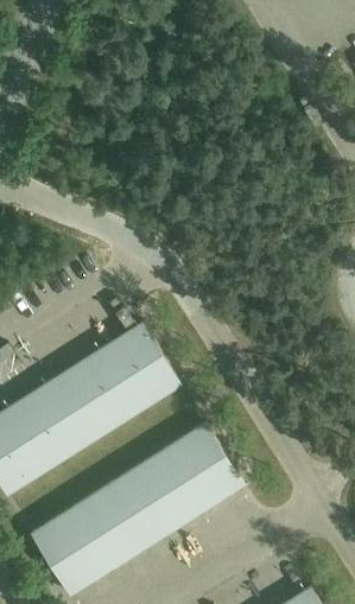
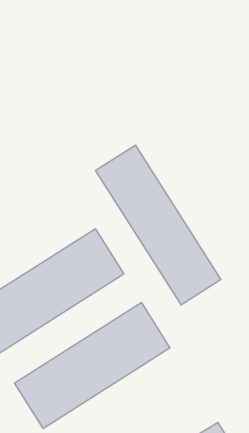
building: none -> [96,145,221,305]

